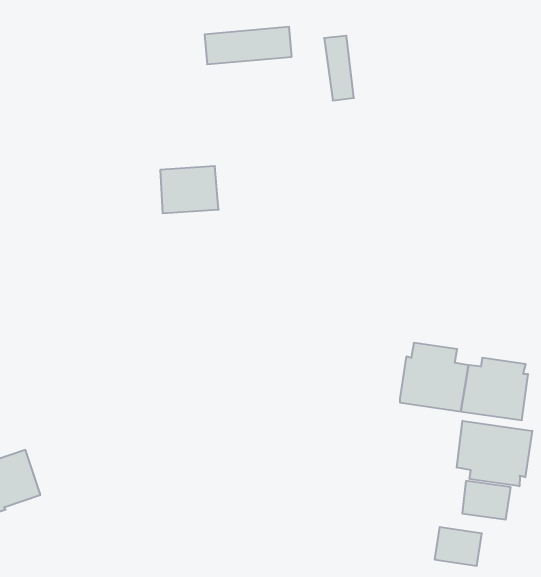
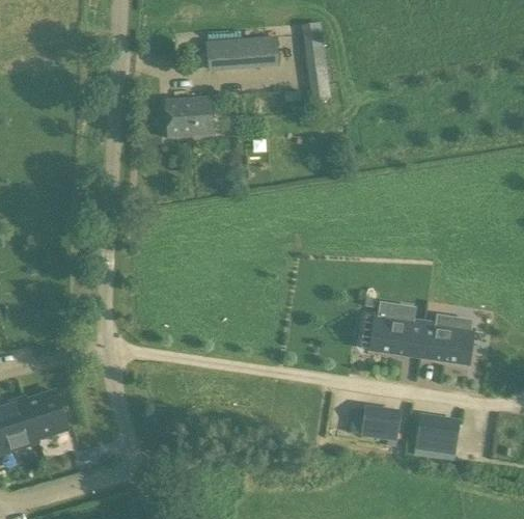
building: [160,166,219,213] -> [165,98,214,137]
building: [457,421,532,486] -> none
building: [435,527,482,566] -> [360,408,399,440]

